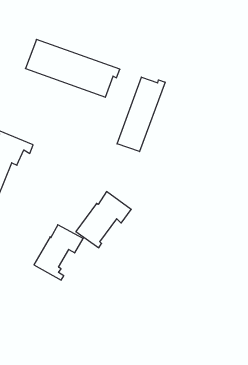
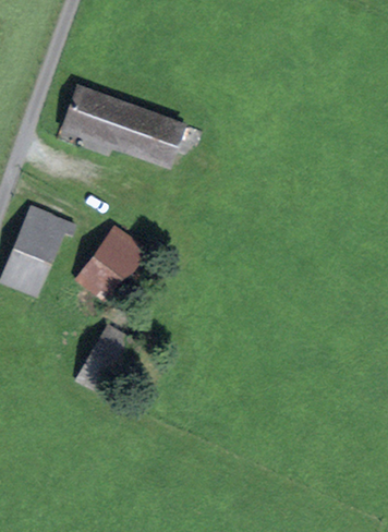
building: [117,77,165,152] -> none
building: [76,192,131,248] -> [75,227,146,299]

